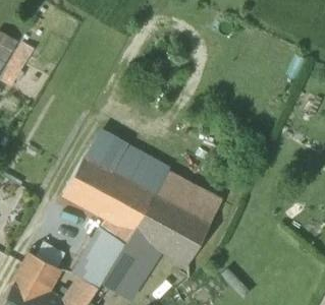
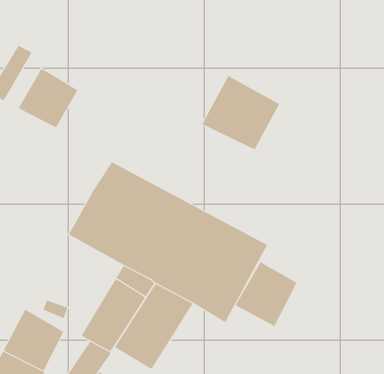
building: none -> [18,68,78,128]
building: none -> [202,75,280,150]
building: none -> [235,261,297,327]

